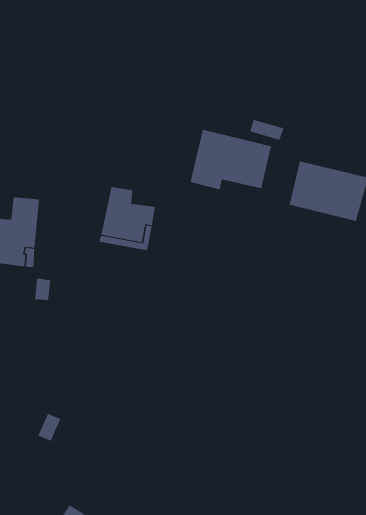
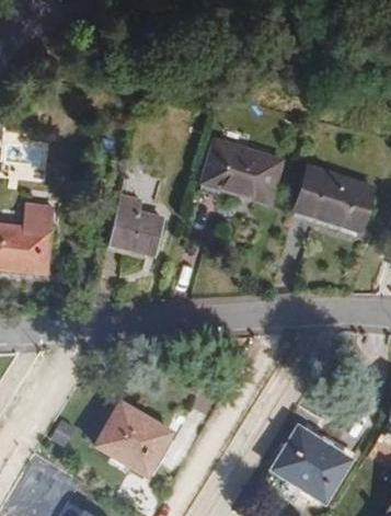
building: none -> [92,408,169,480]
building: none -> [271,429,353,506]

